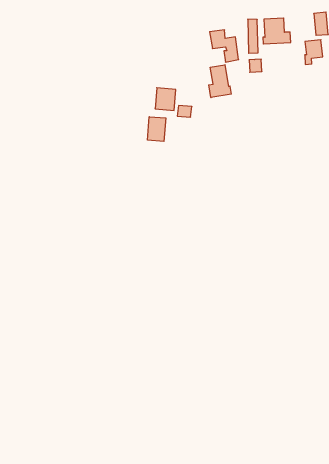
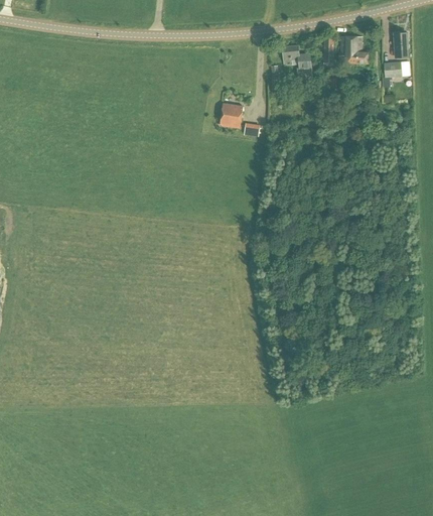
building: [209,65,231,98] -> none
building: [148,117,166,141] -> none

